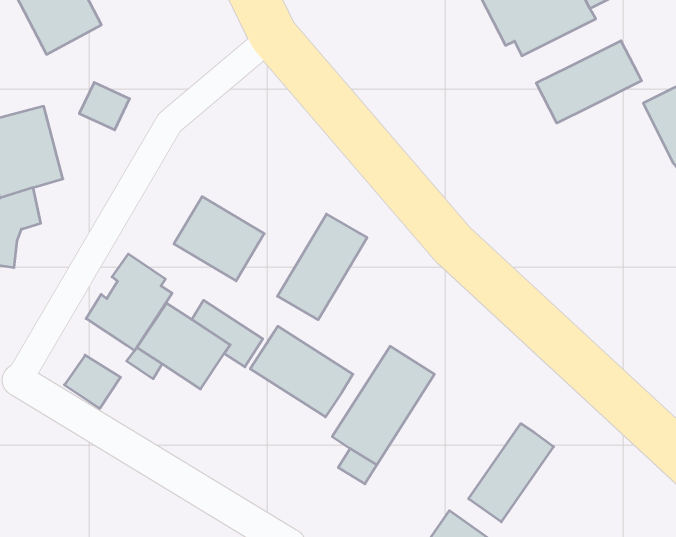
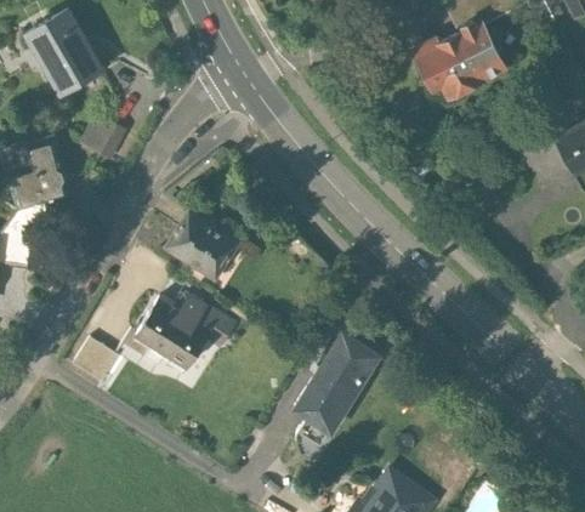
building: [536,41,642,123] -> none
building: [277,214,367,320] -> none
building: [86,254,172,351] -> none
building: [250,326,353,417] -> none
building: [469,424,554,522] -> none

